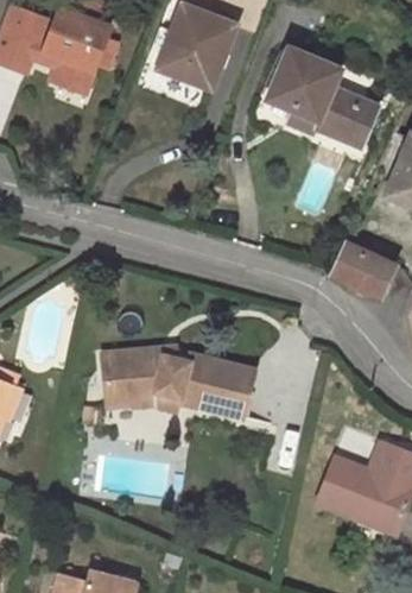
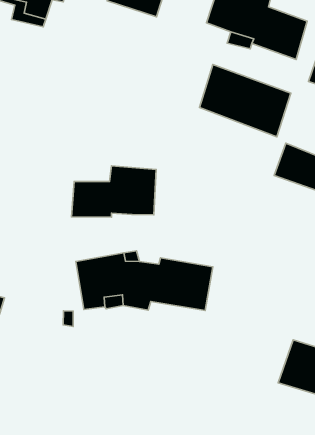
building: none -> [199,65,291,137]
building: none -> [72,166,156,217]

